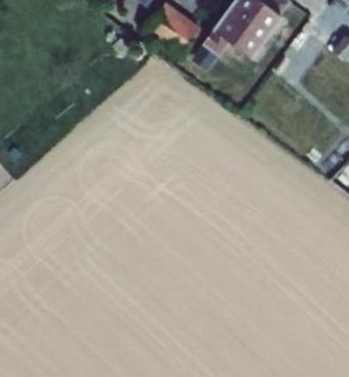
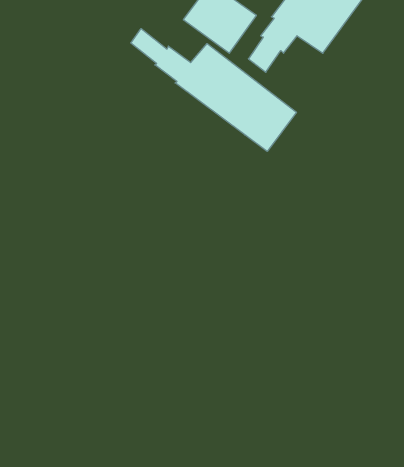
building: none -> [131,29,296,151]

